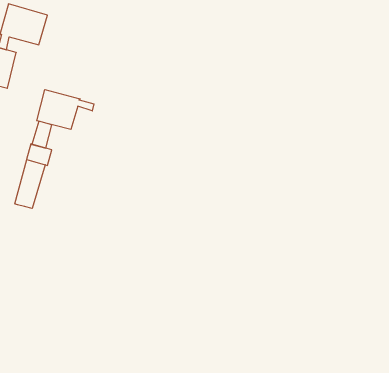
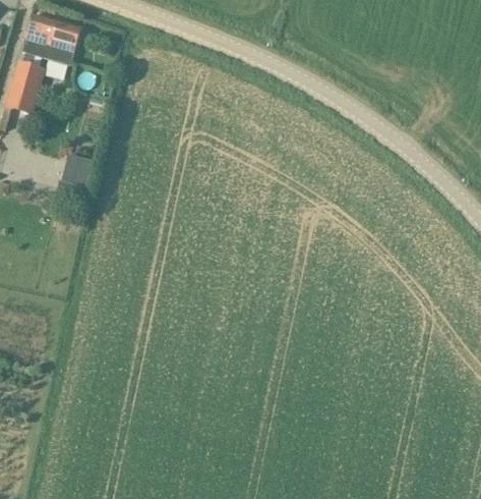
building: [37,90,94,129] -> none
building: [15,160,45,208] -> none

